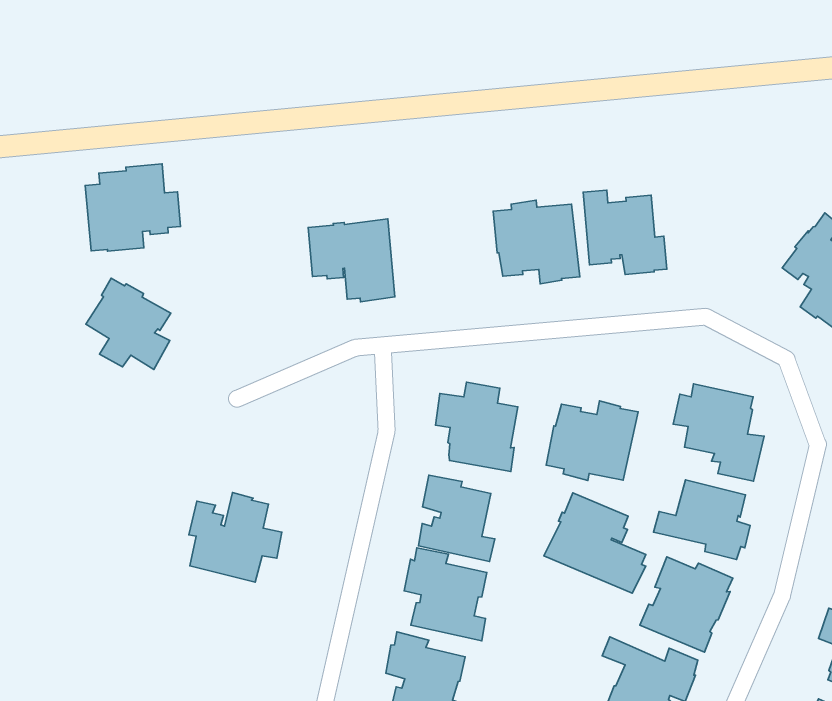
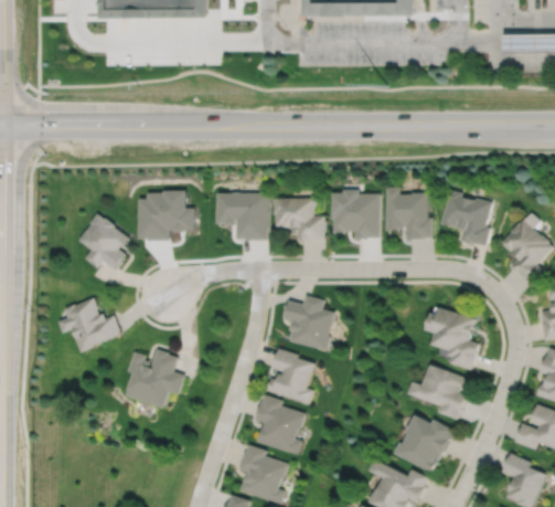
building: [85,164,180,251] -> [137,190,192,240]
building: none -> [440,190,491,245]
building: none -> [271,198,322,240]
building: [546,401,638,480] -> none
building: none -> [56,298,122,353]
building: [544,493,646,593] -> none

